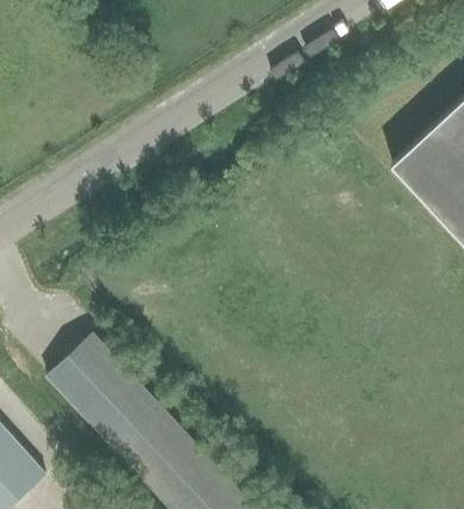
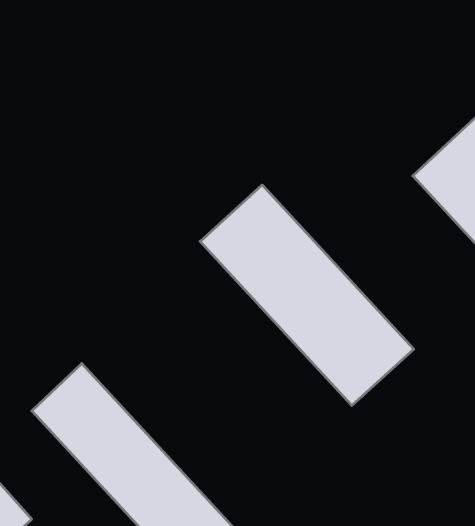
building: none -> [200,185,414,406]

